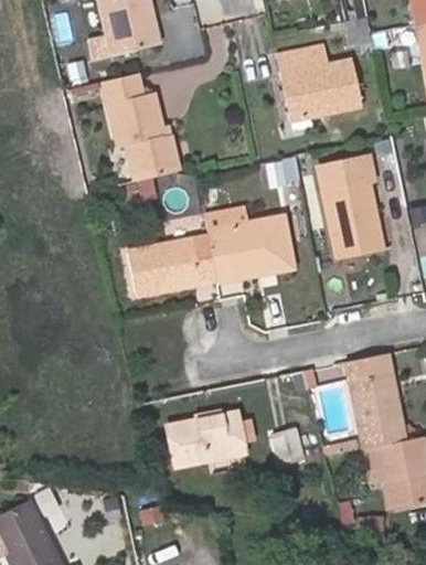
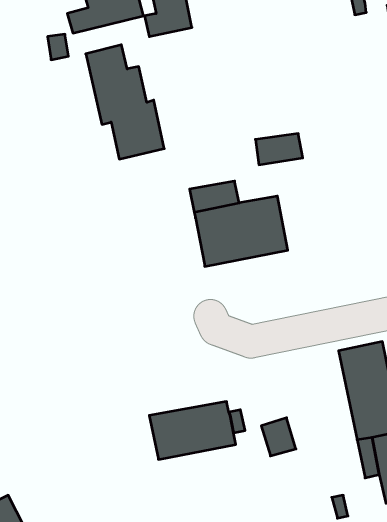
building: [278,45,362,119] -> none
building: [318,154,383,258] -> none
building: [128,236,217,296] -> none

